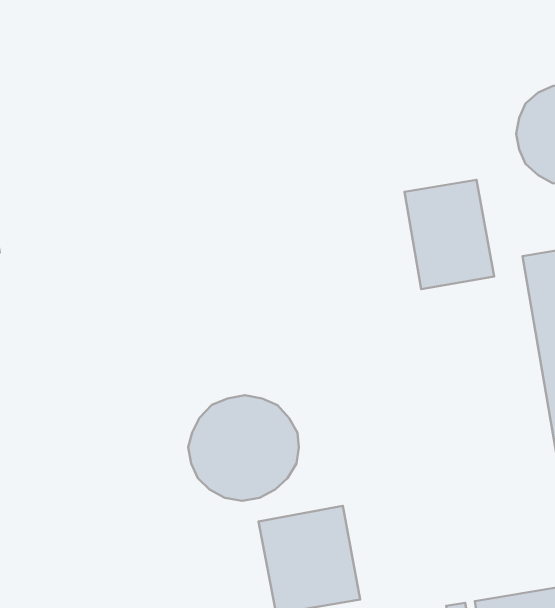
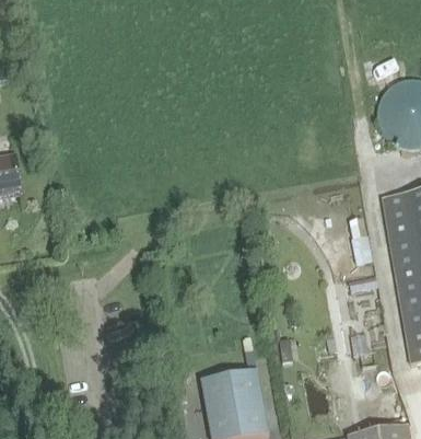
building: [405,180,494,289] -> none
building: [188,395,299,501] -> none

